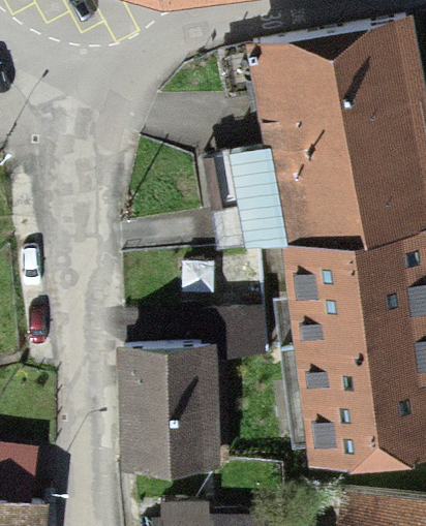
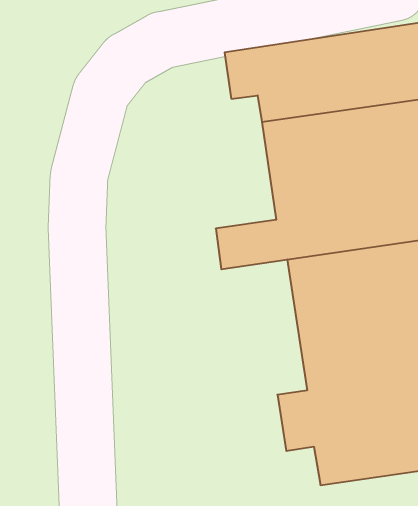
building: [123,310,264,470] -> none

